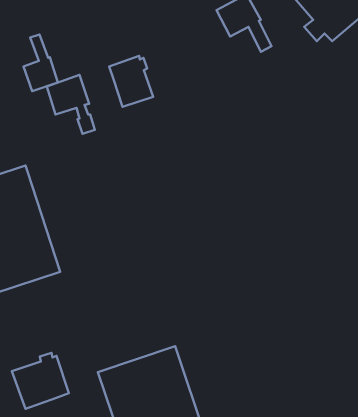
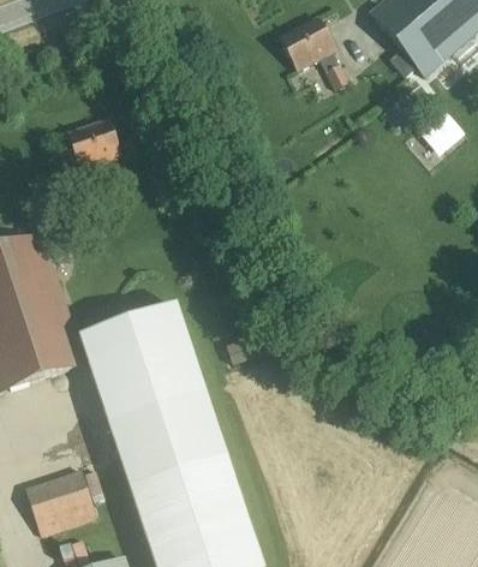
building: [23,34,58,91] -> none
building: [109,56,153,107] -> none
building: none -> [80,305,227,489]

